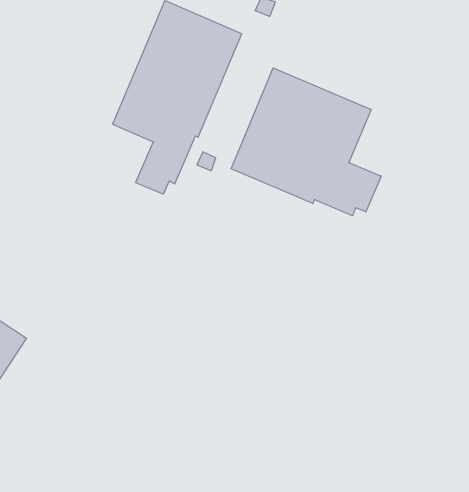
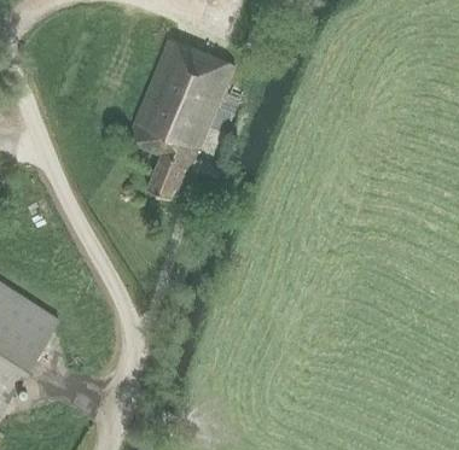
building: [231,68,381,216] -> none

